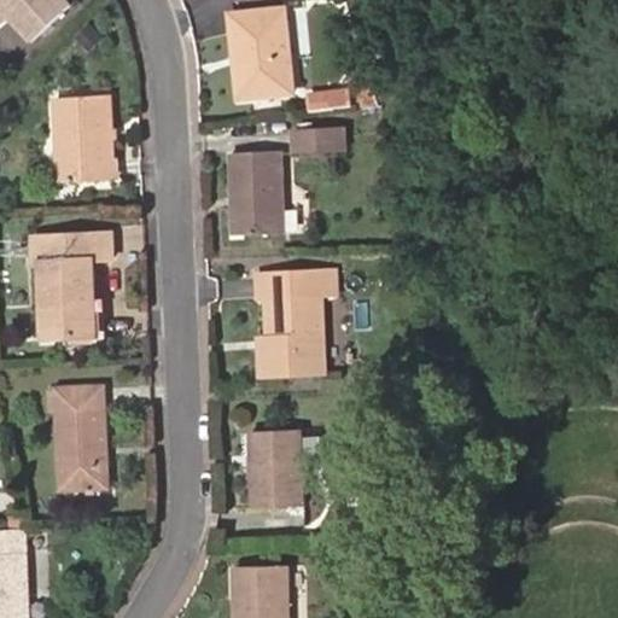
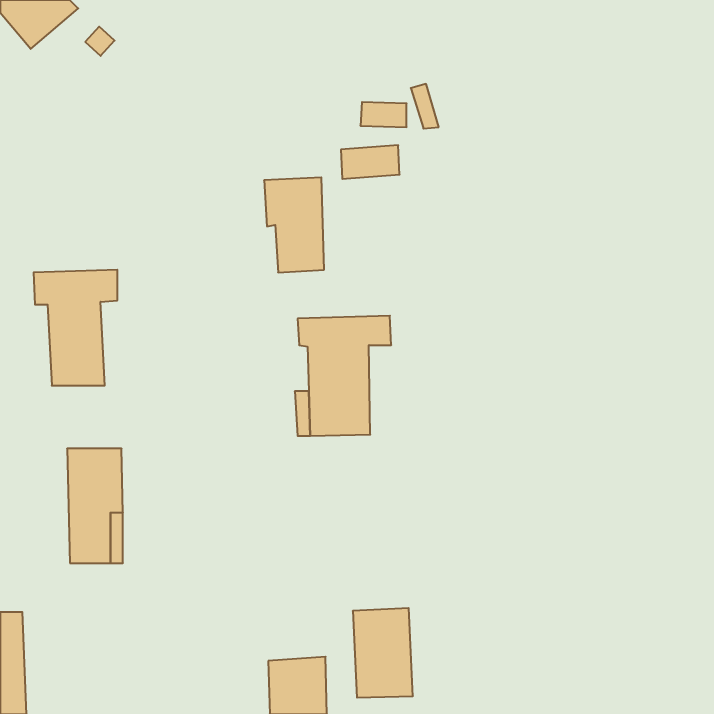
building: [229,8,288,97] -> none
building: [51,92,109,177] -> none
building: [249,431,301,508] -> [353,608,413,698]

